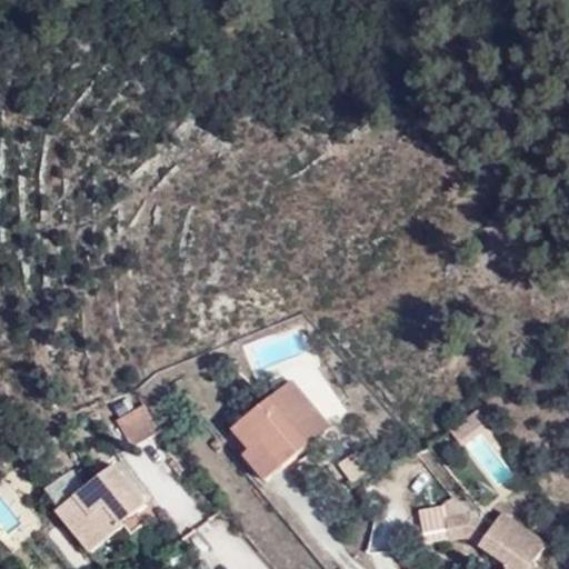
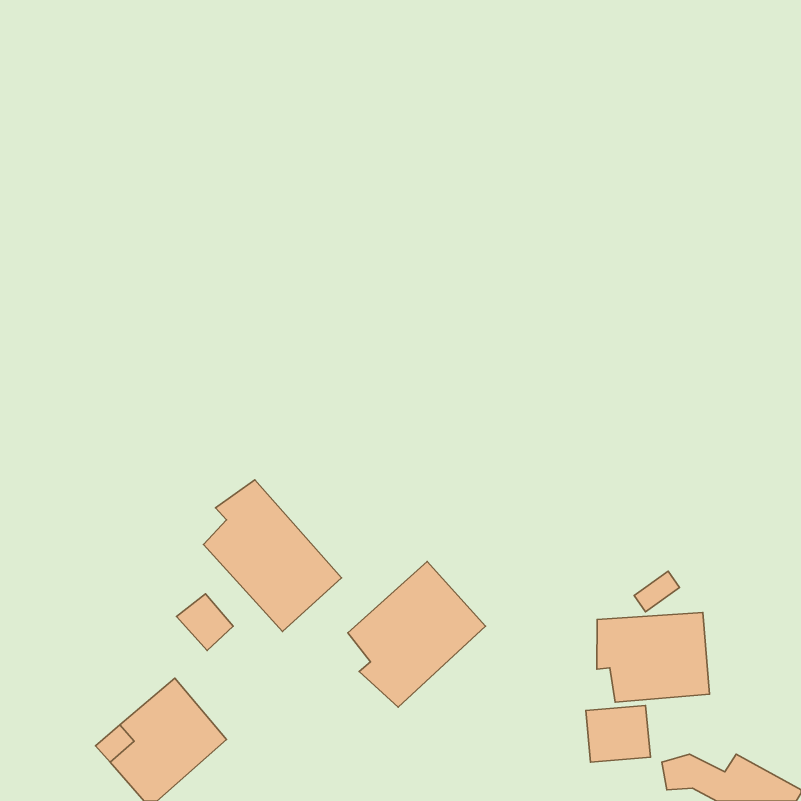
building: none -> [204,480,341,631]
building: none -> [597,613,709,702]

